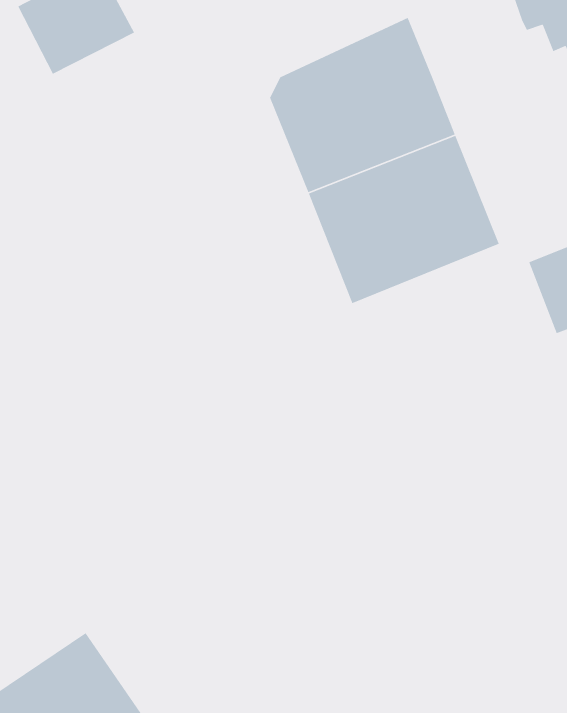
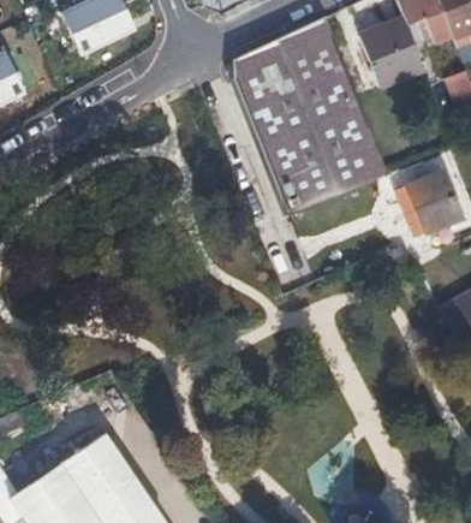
building: none -> [358,19,422,87]

